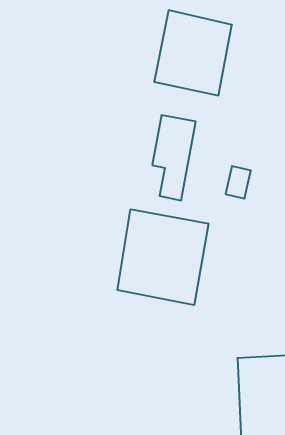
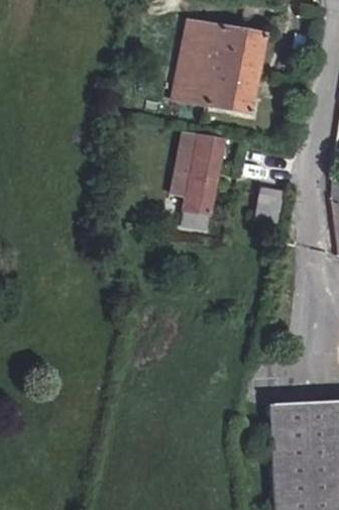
building: [118,209,208,305] -> none

